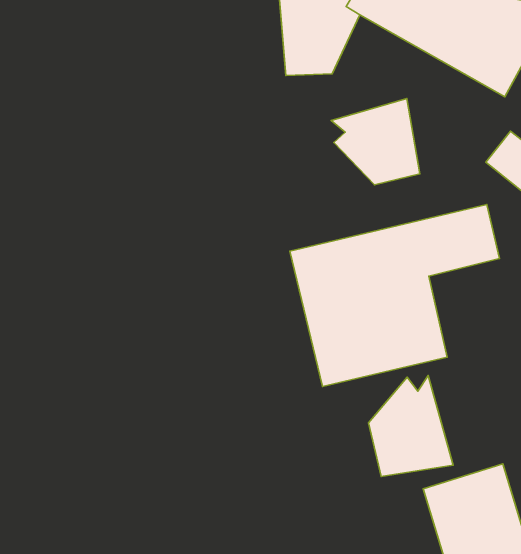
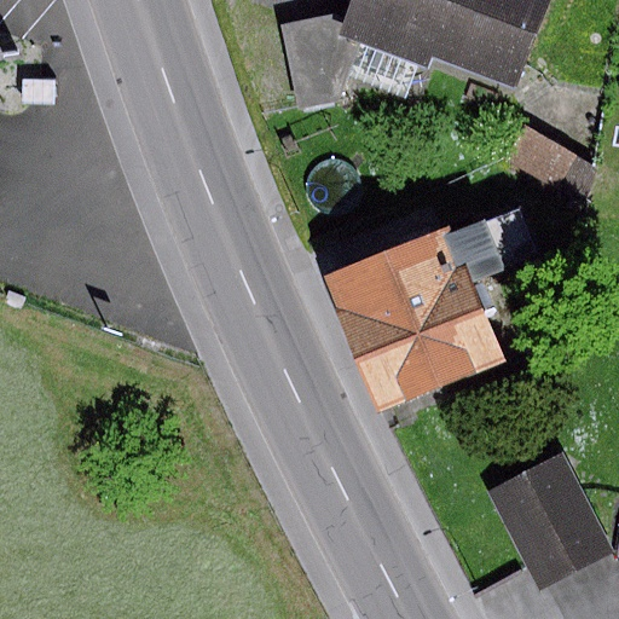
building: [331,98,420,185] -> none
building: [369,376,453,477] -> none

